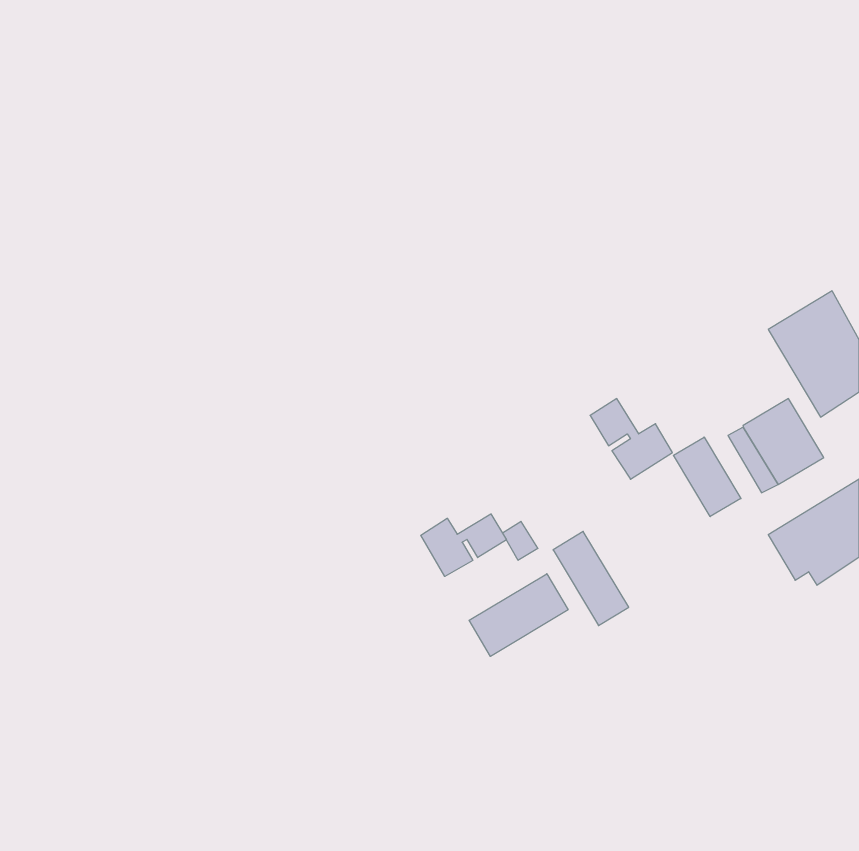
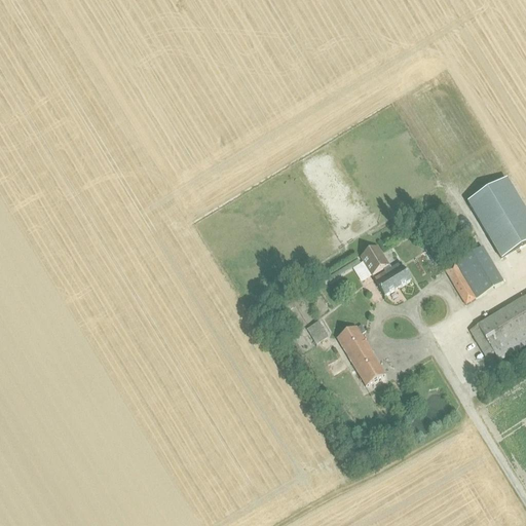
building: [673,437,741,517] -> none
building: [421,514,506,576] -> none
building: [469,574,568,656] -> none

